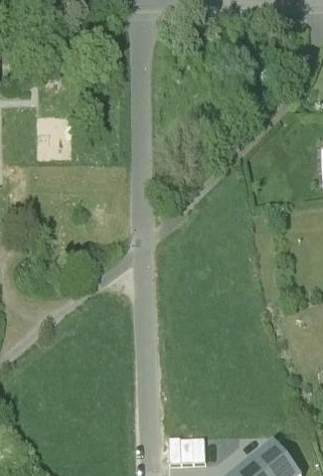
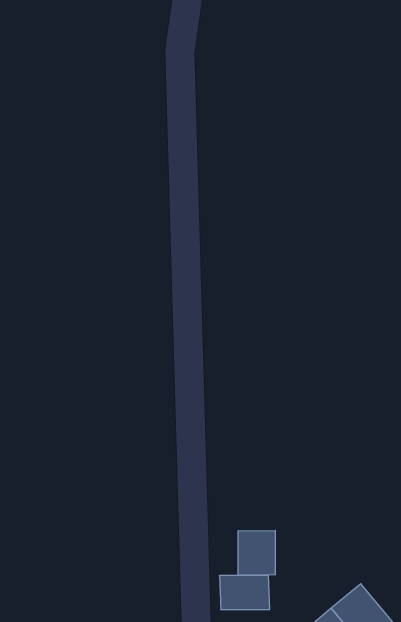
building: none -> [238,530,275,575]

